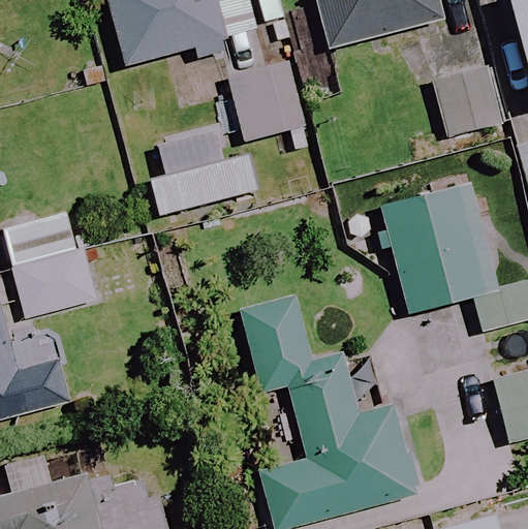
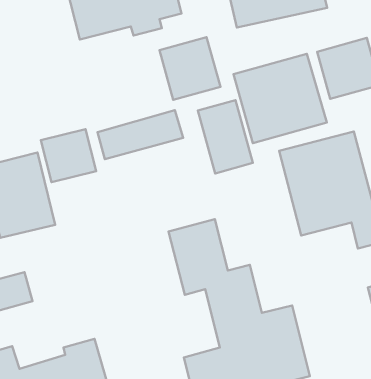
building: none -> [234,54,327,143]
building: none -> [198,100,253,173]
building: none -> [41,129,96,182]

